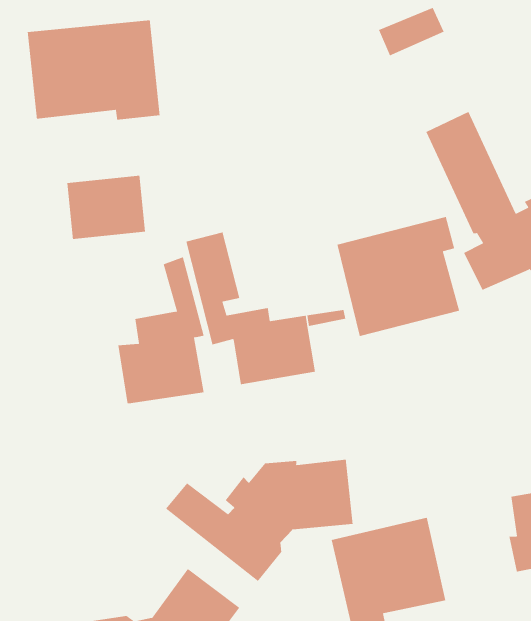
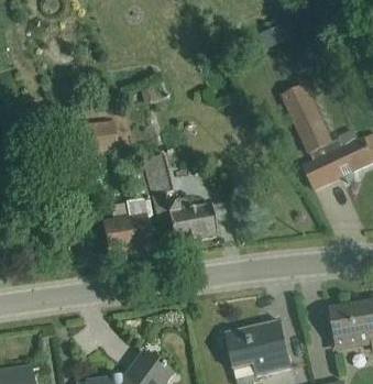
building: [27,19,160,120] -> none
building: [337,216,460,337] -> none
building: [165,459,353,582] -> none

